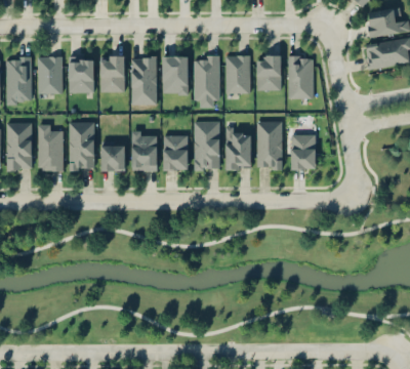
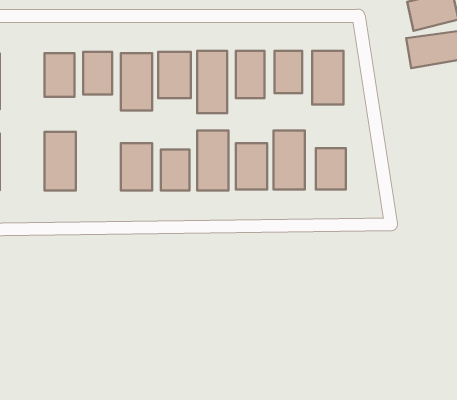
building: [38,57,62,94] -> none
building: [38,125,63,171] -> none
building: [100,142,124,171] -> none

